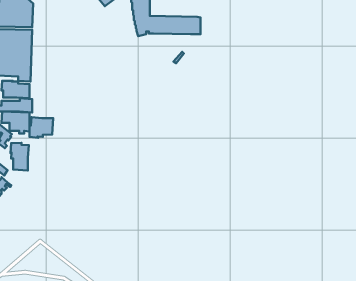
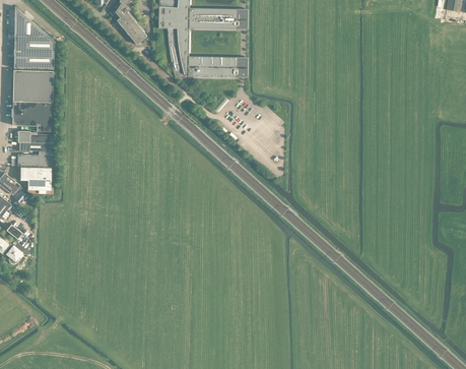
building: [30,117,53,138] -> none
building: [11,143,29,171] -> none

